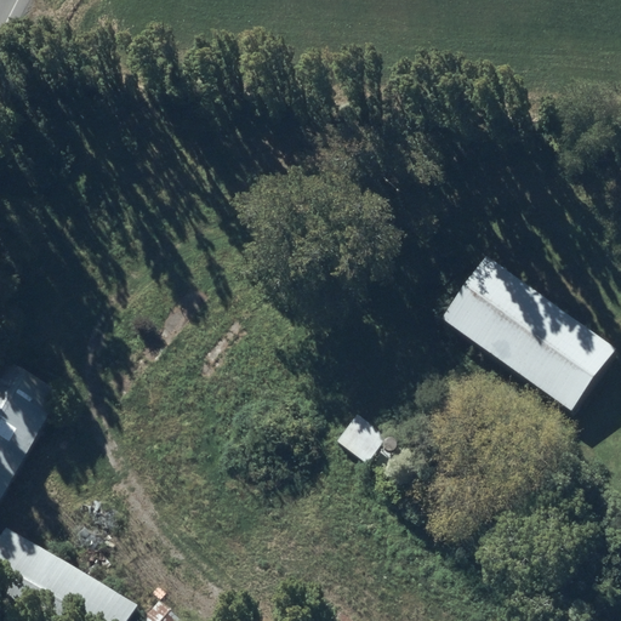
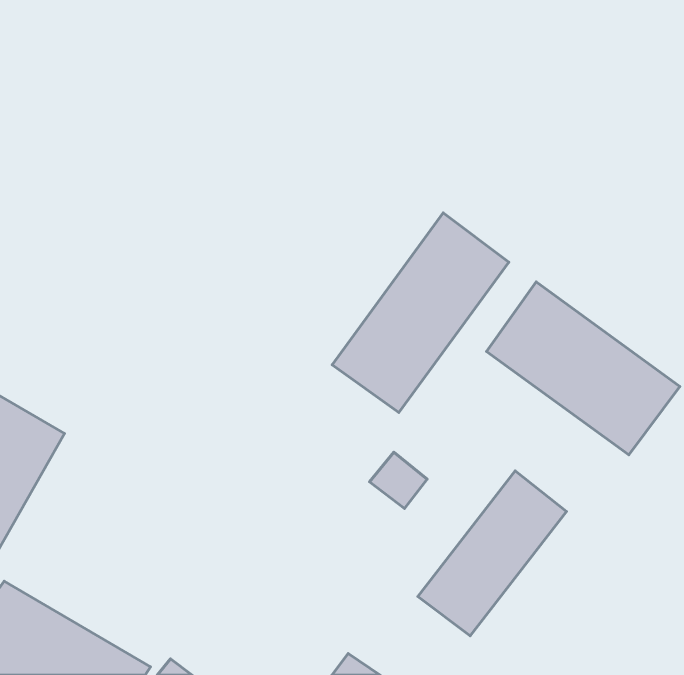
building: none -> [332,213,509,412]
building: none -> [418,471,567,636]

